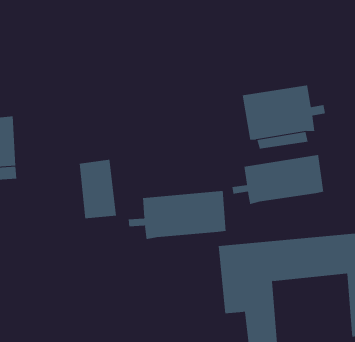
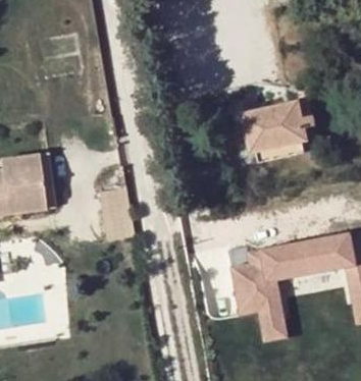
building: [232,154,324,205] -> none
building: [128,190,226,240] -> none

